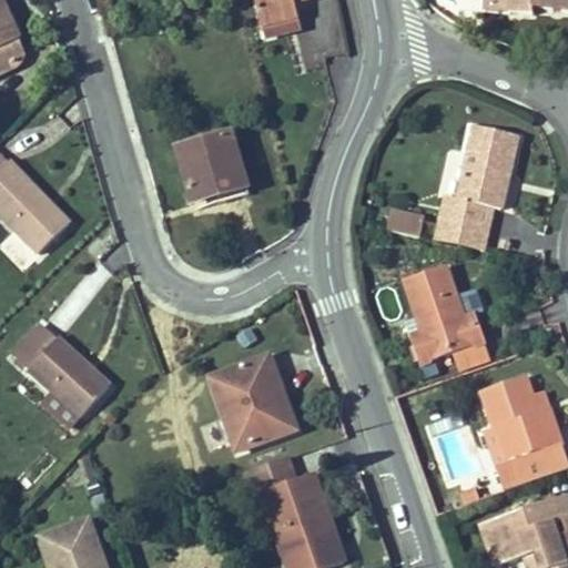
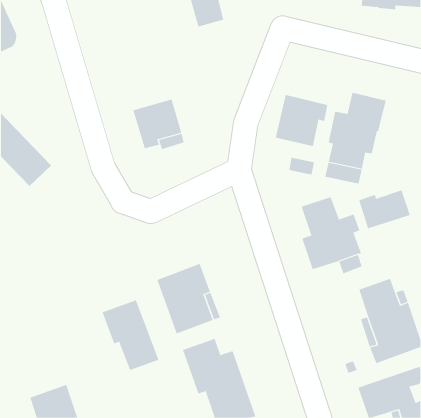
building: none -> [275,94,328,147]
building: none -> [359,189,410,229]
building: [14,324,111,426] -> none
building: none -> [102,299,159,371]

